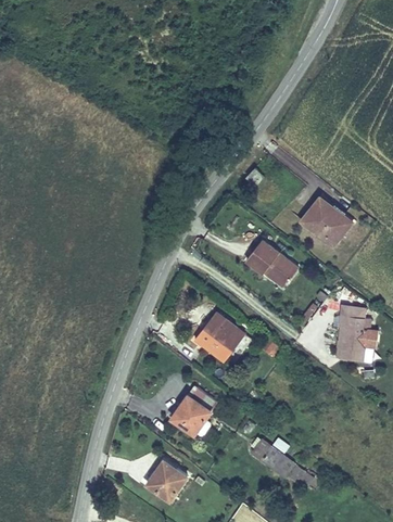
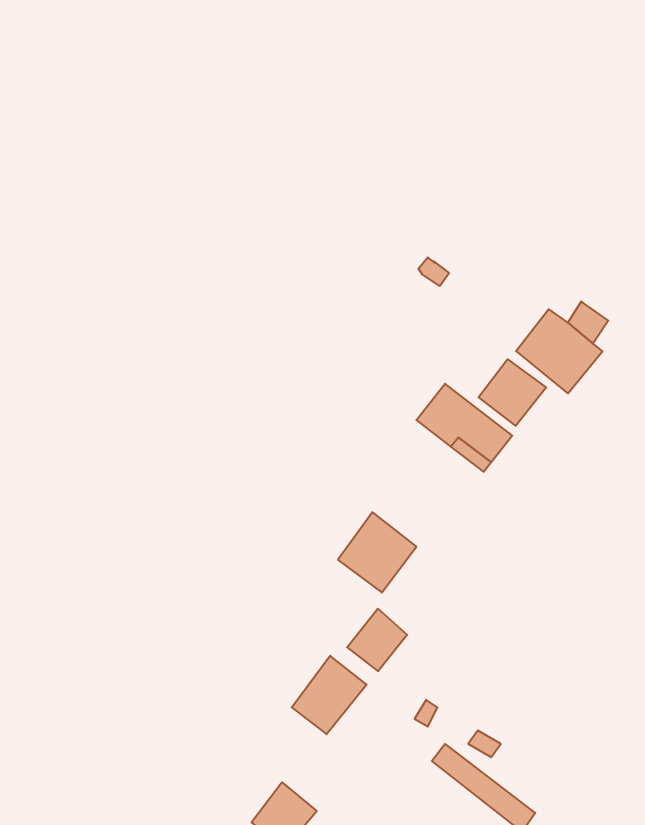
building: none -> [479,359,546,426]
building: [338,311,364,357] -> none
building: none -> [347,609,407,671]

